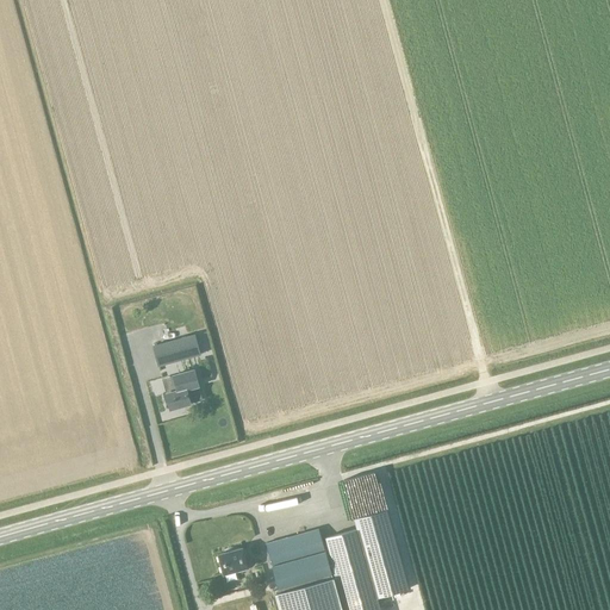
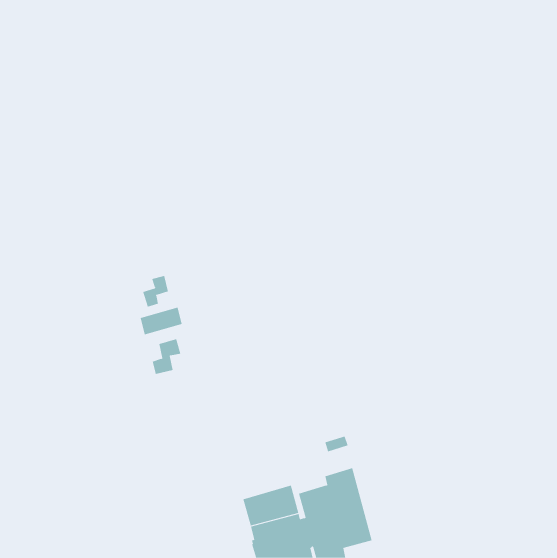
building: none -> [143,275,169,307]
building: [218,547,249,574] -> none

